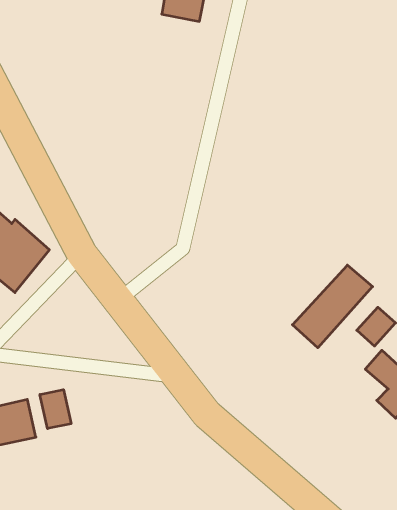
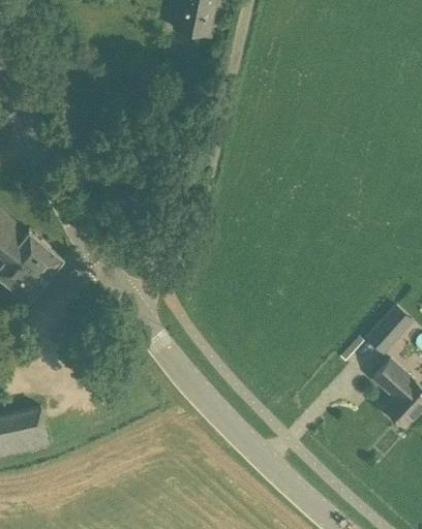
building: [292,265,373,348] -> none
building: [40,390,71,429] -> none

